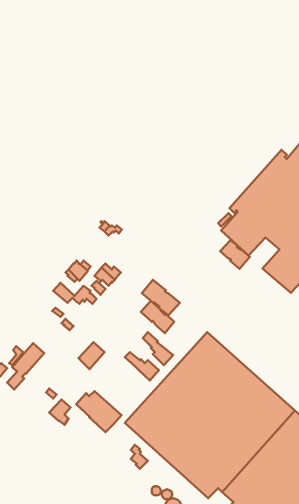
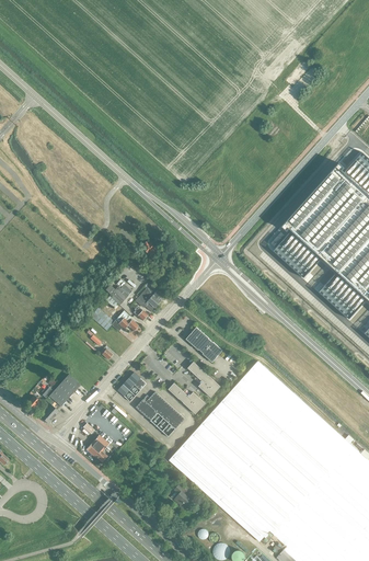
building: [220,240,250,269] -> none
building: [142,280,180,315] -> none
building: [76,391,122,432] -> [135,392,184,437]

